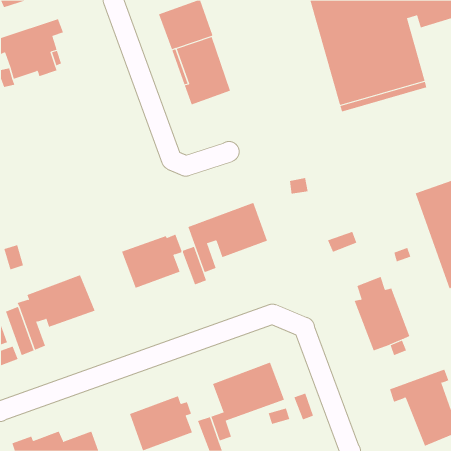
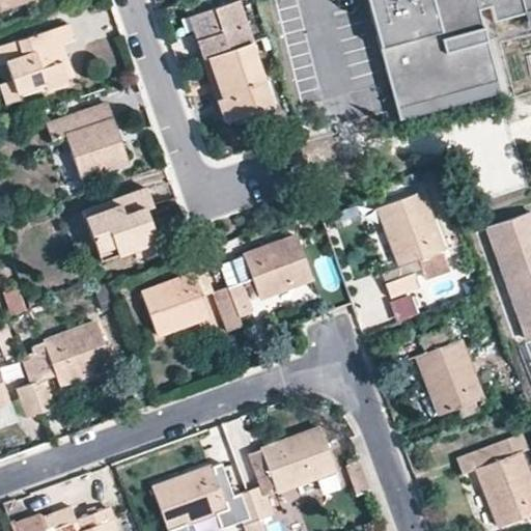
building: none -> [46,103,128,178]
building: none -> [82,188,160,257]
building: none -> [378,191,449,278]

